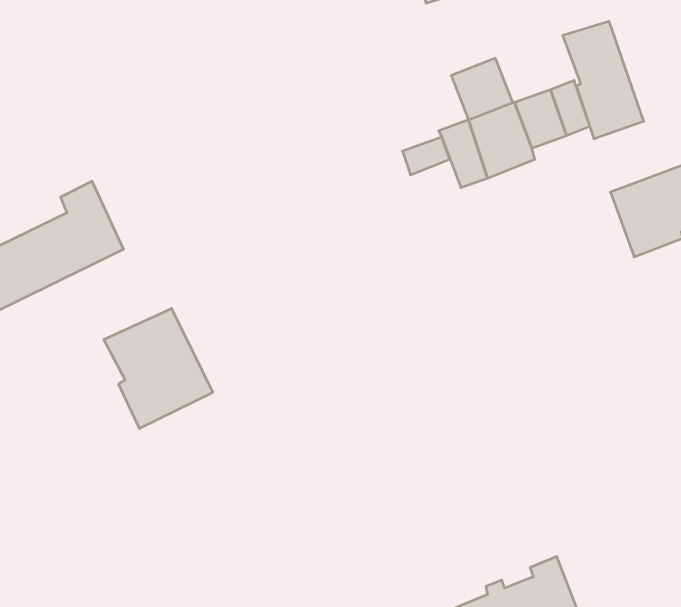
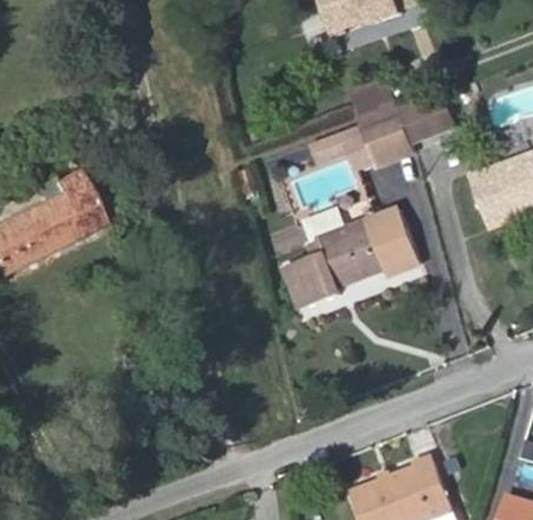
building: [563,21,644,139] -> none
building: none -> [286,209,421,311]
building: [104,308,213,429] -> none

